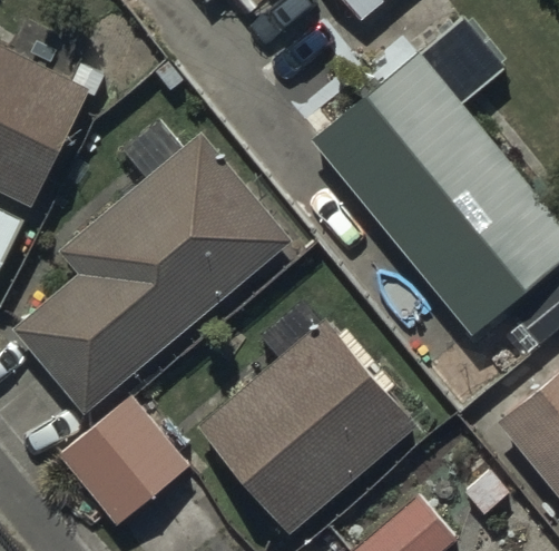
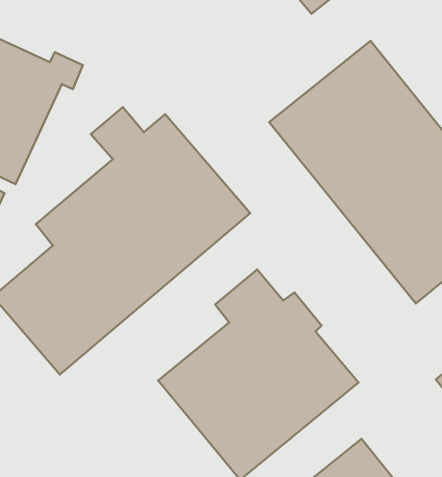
building: [59,393,194,527] -> none

